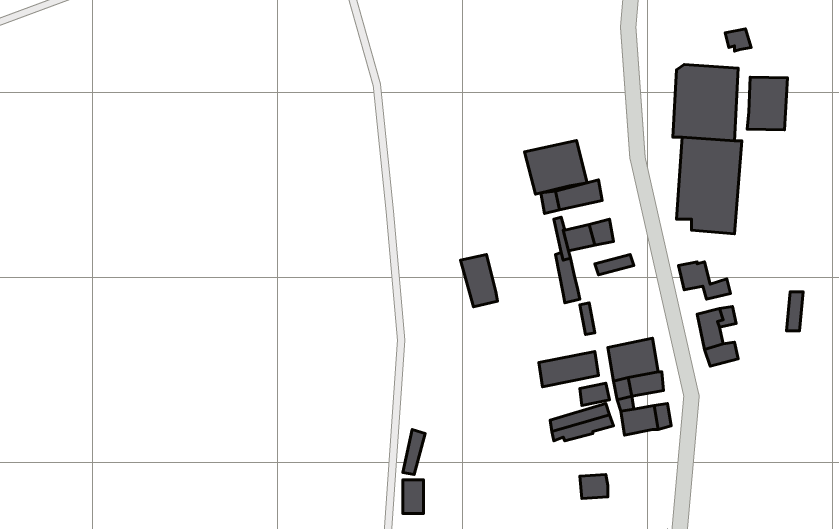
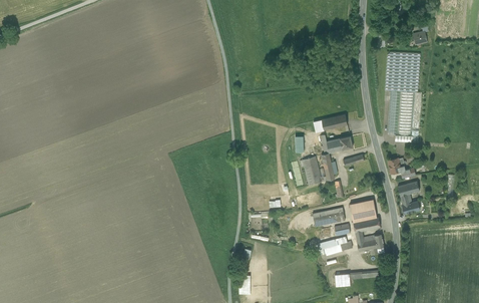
building: [747,77,787,130] -> none
building: [525,140,587,194] -> none
building: [460,254,498,307] -> [302,156,322,184]

